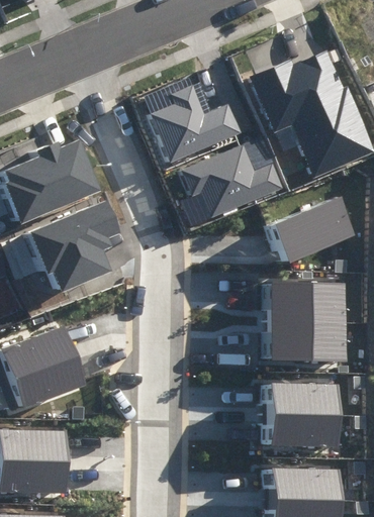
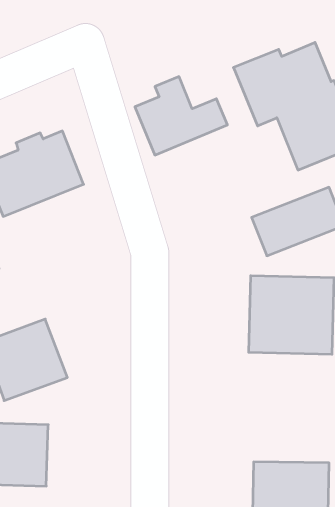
building: [181,144,285,218] -> none
building: [25,201,115,292] -> none
building: [266,385,342,448] -> none

